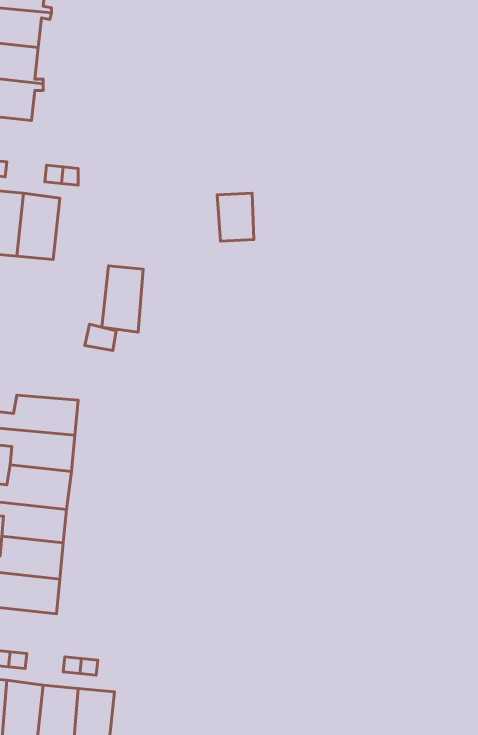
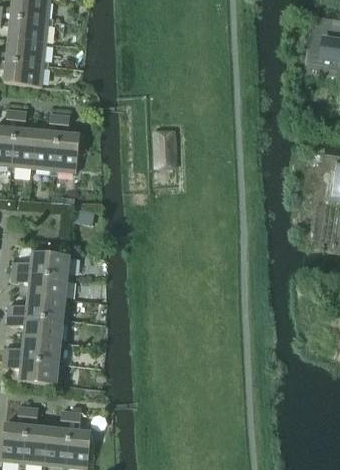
building: [102,266,143,332] -> [54,132,79,172]

